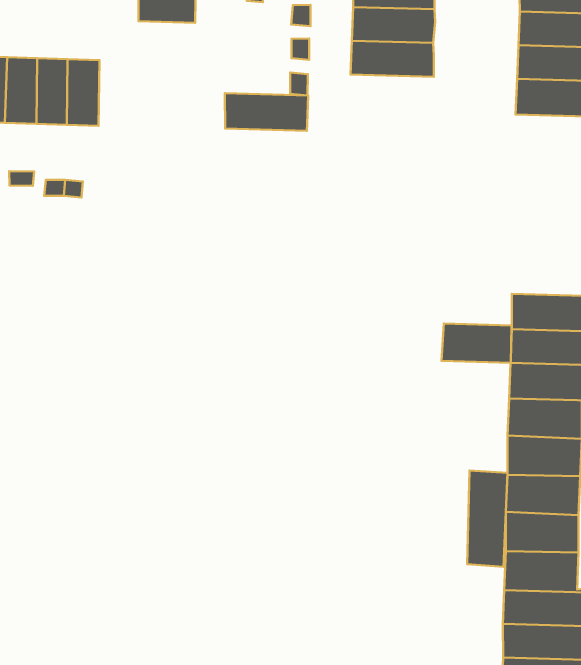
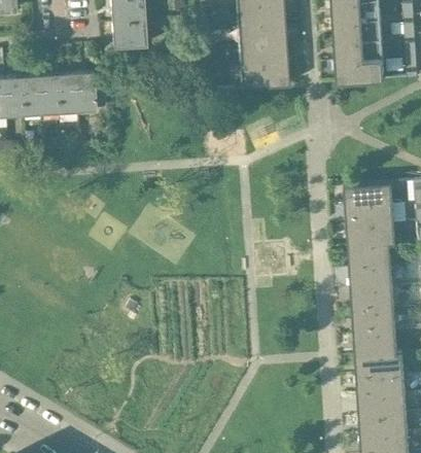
building: [225,93,308,131] -> [239,65,288,89]
building: [442,324,511,363] -> none
building: [467,470,508,567] -> none

